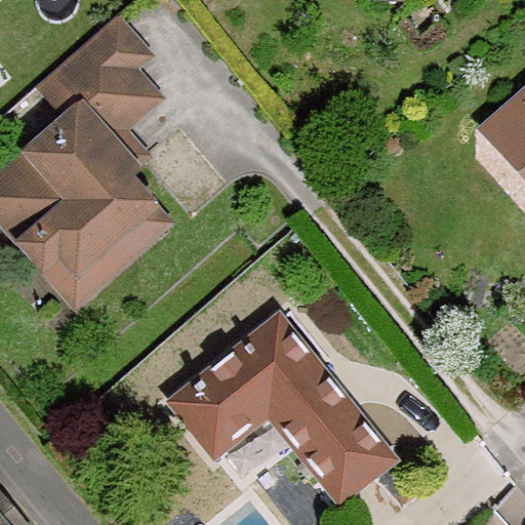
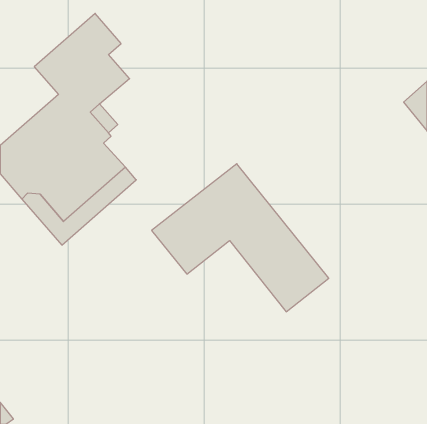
building: [175,318,393,499] -> [152,164,329,312]

